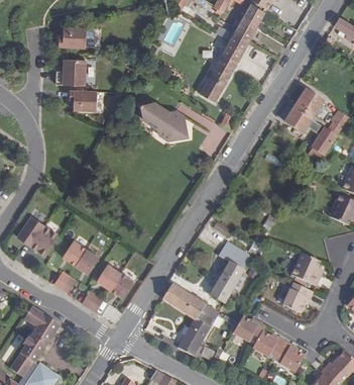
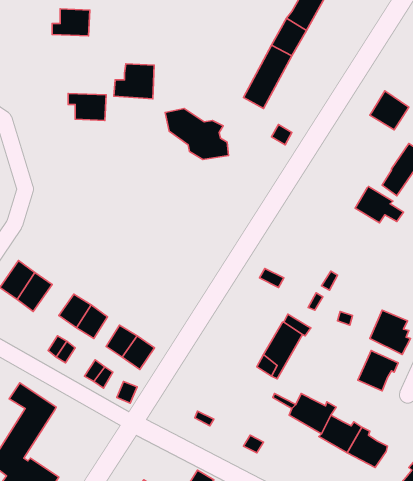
building: [53,59,84,85] -> [114,64,154,99]
building: [283,106,320,133] -> [355,187,404,223]
building: [160,283,218,356] -> none

